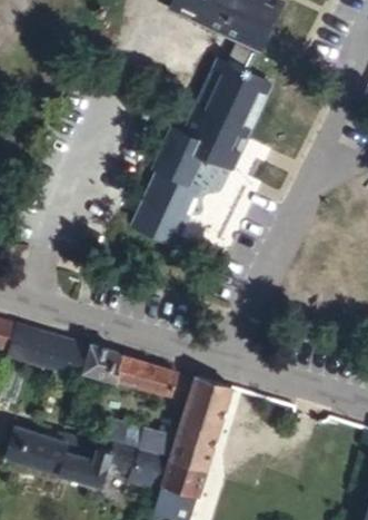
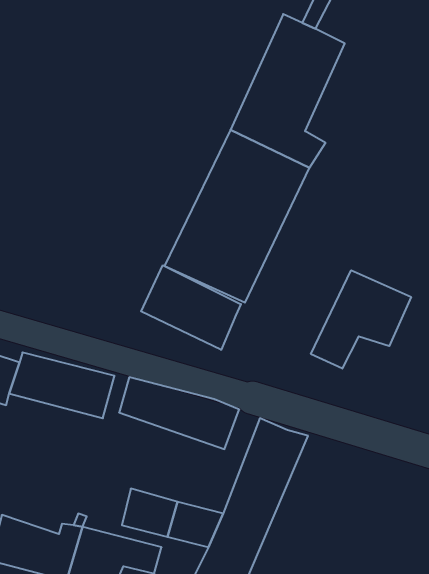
building: none -> [141,265,241,350]
building: none -> [311,270,411,369]

